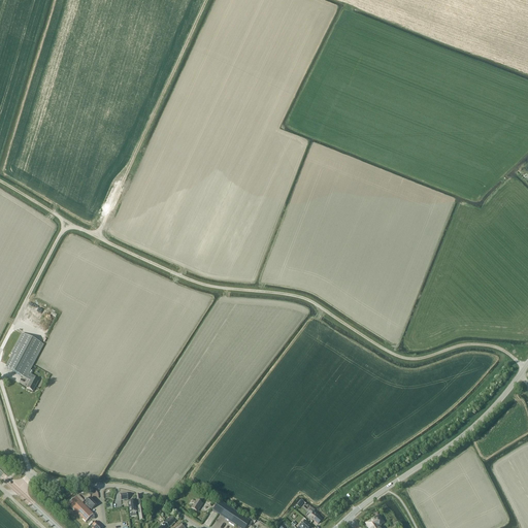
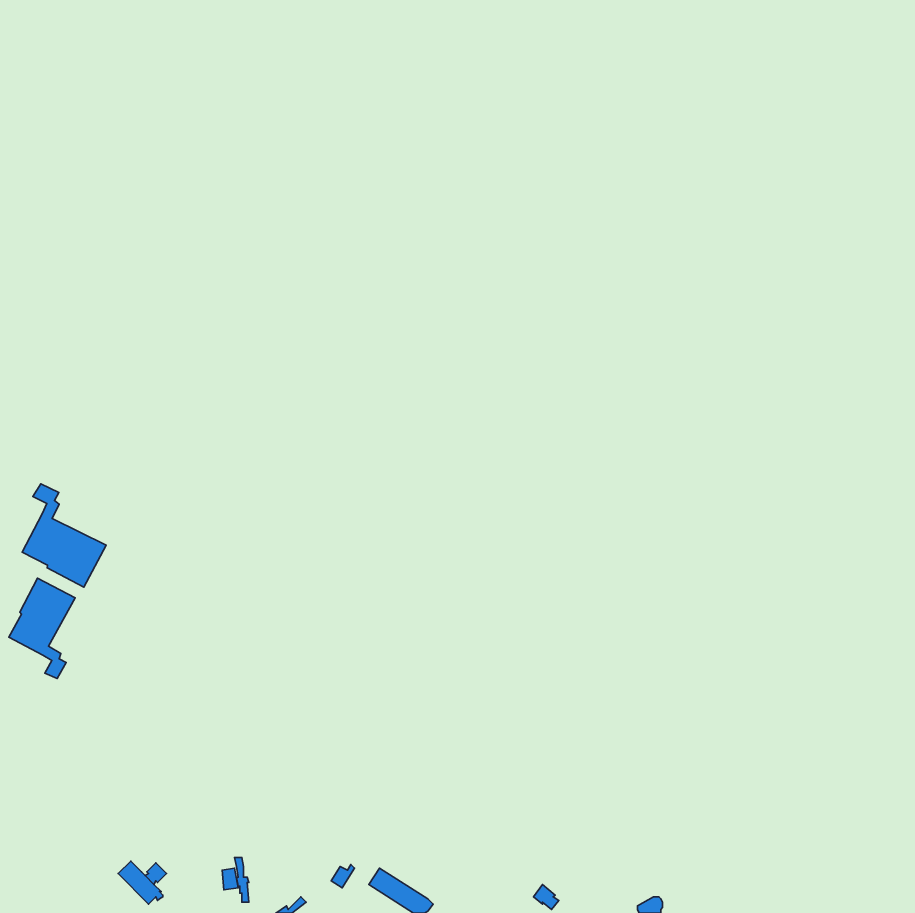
building: none -> [22,484,106,587]

